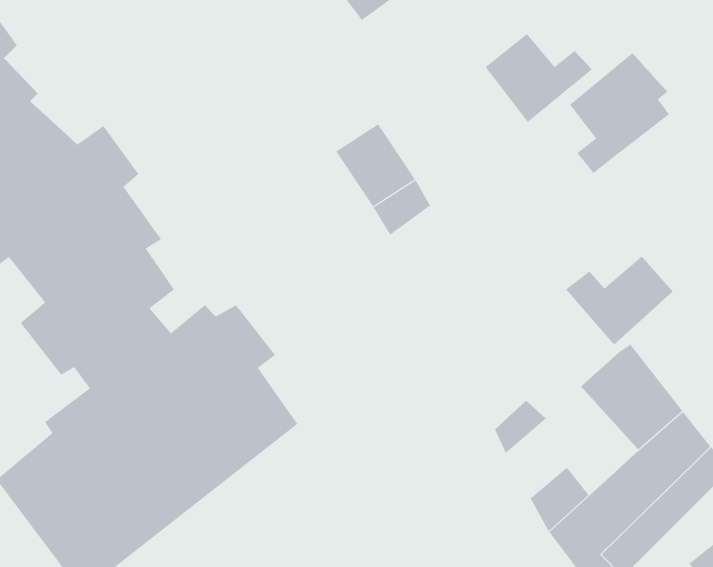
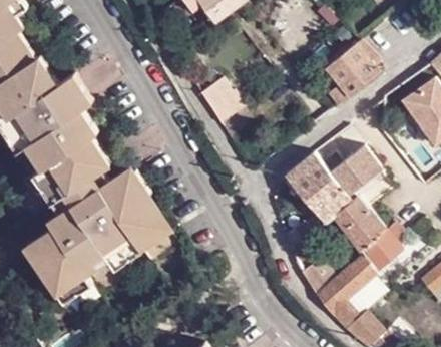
building: [485,33,593,123] -> none
building: none -> [286,154,351,223]

